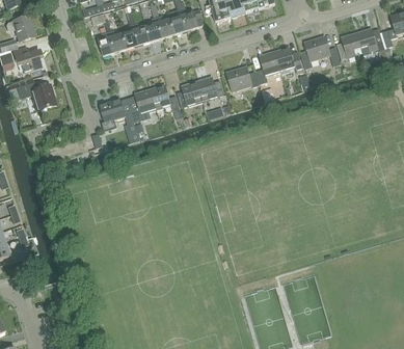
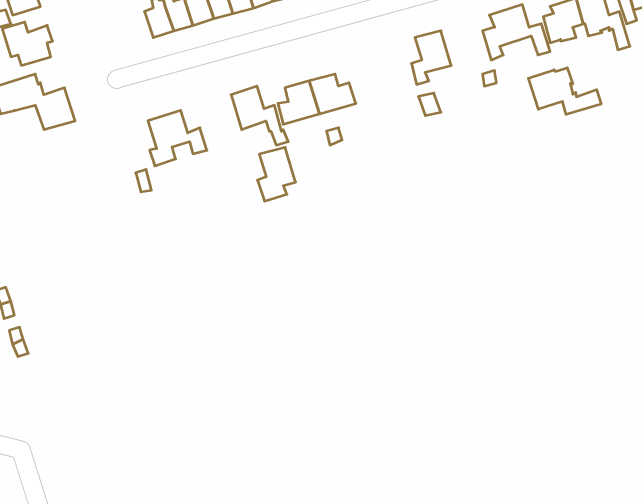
building: [275,46,303,73] -> none
building: [226,66,260,90] -> none
building: none -> [528,68,601,114]
building: [133,89,156,122] -> [257,147,296,201]

